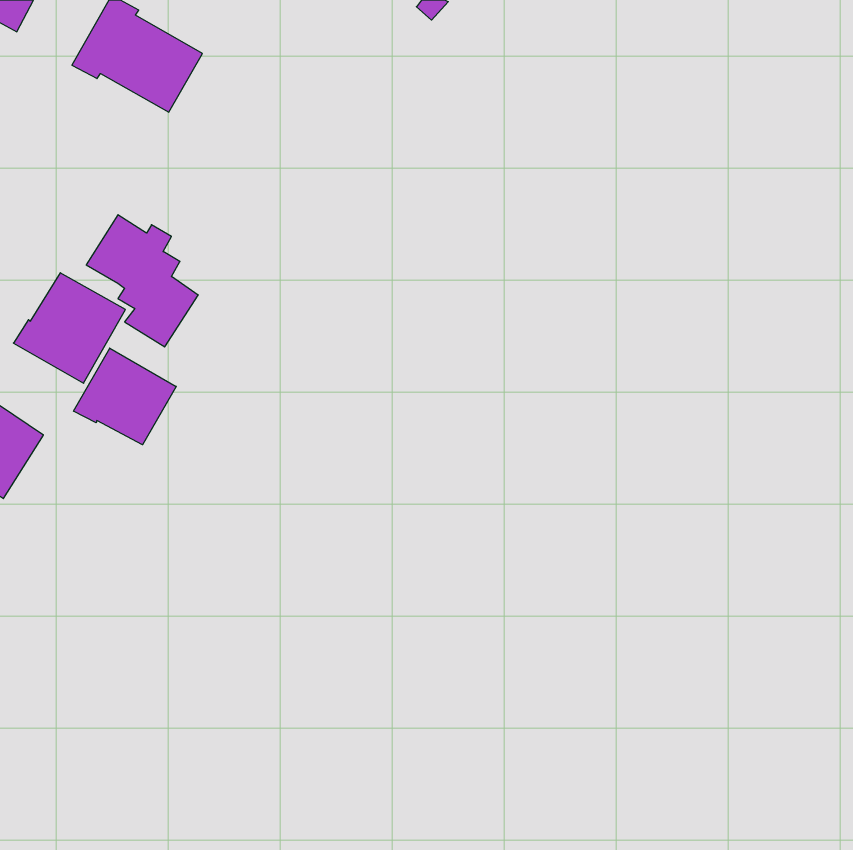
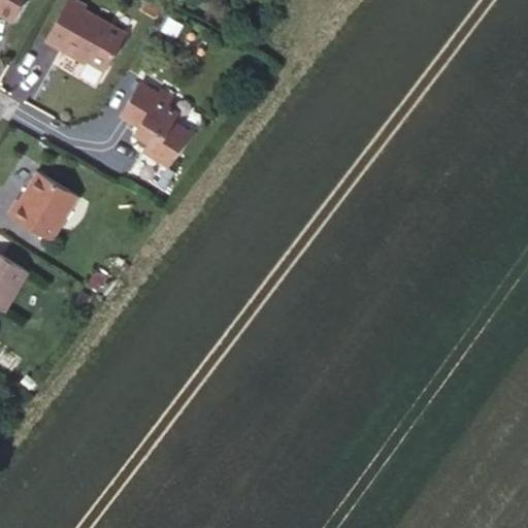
building: [86,215,198,347] -> [121,86,190,167]
building: [74,348,176,445] -> none

